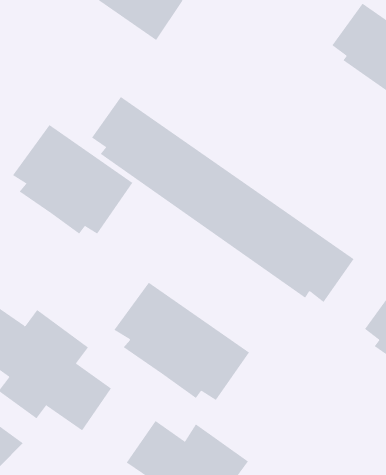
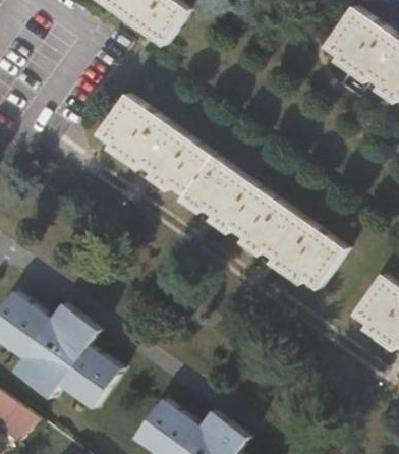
building: [12,124,133,235] -> none
building: [113,282,250,401] -> none

